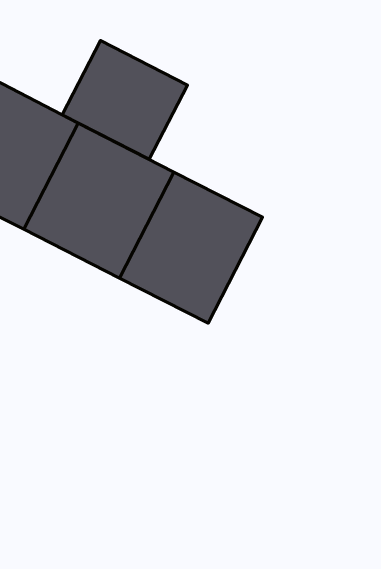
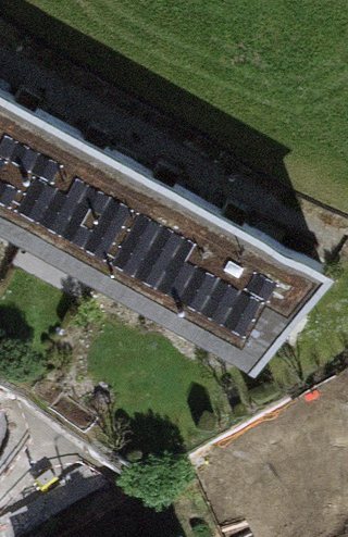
building: [62,41,187,159] -> none
building: none -> [203,225,312,345]

